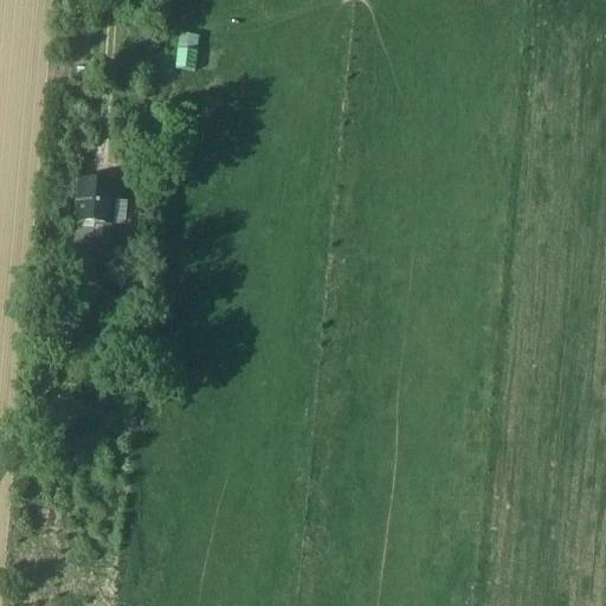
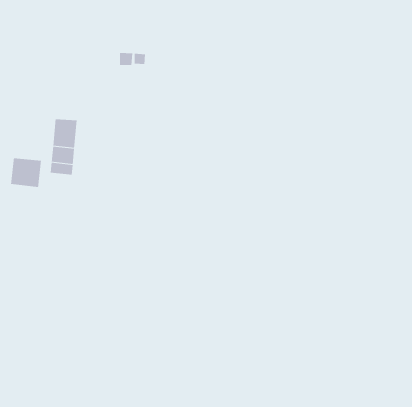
building: none -> [11,157,41,188]

